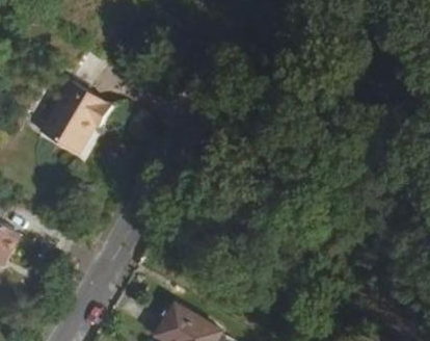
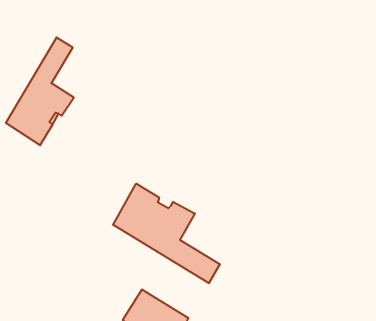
building: none -> [113,184,220,283]

